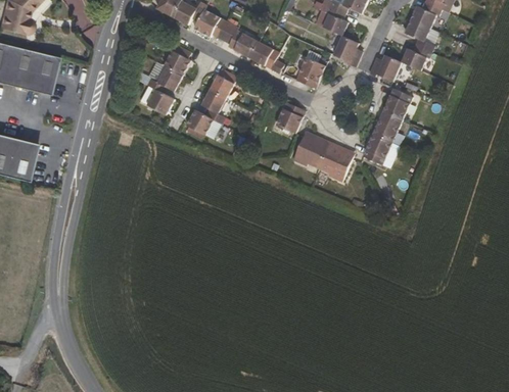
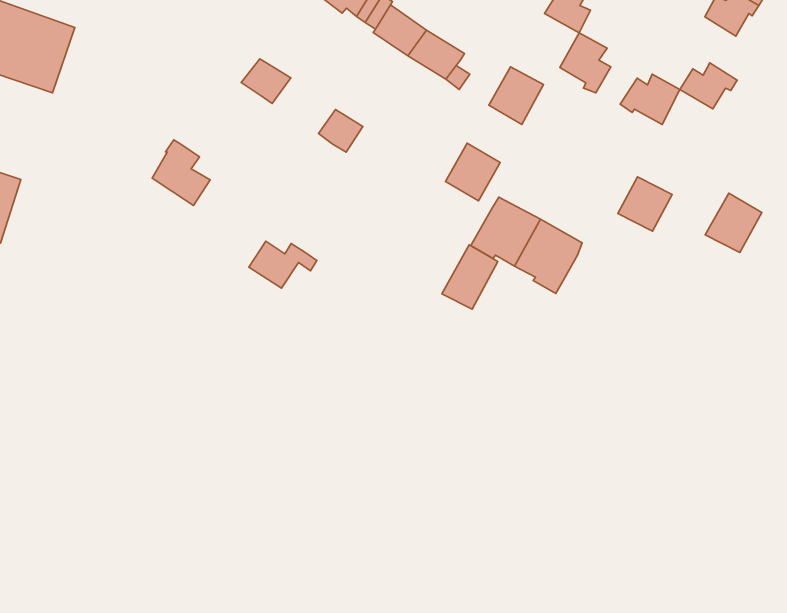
building: [405,19,435,53] -> none
building: [164,43,190,75] -> none
building: [209,67,237,98] -> none
building: [140,78,173,113] -> [152,140,210,206]
building: [381,88,412,120] -> [705,193,762,253]
building: [186,109,224,135] -> [249,241,317,288]
building: [363,134,392,164] -> none
building: none -> [442,245,498,309]

